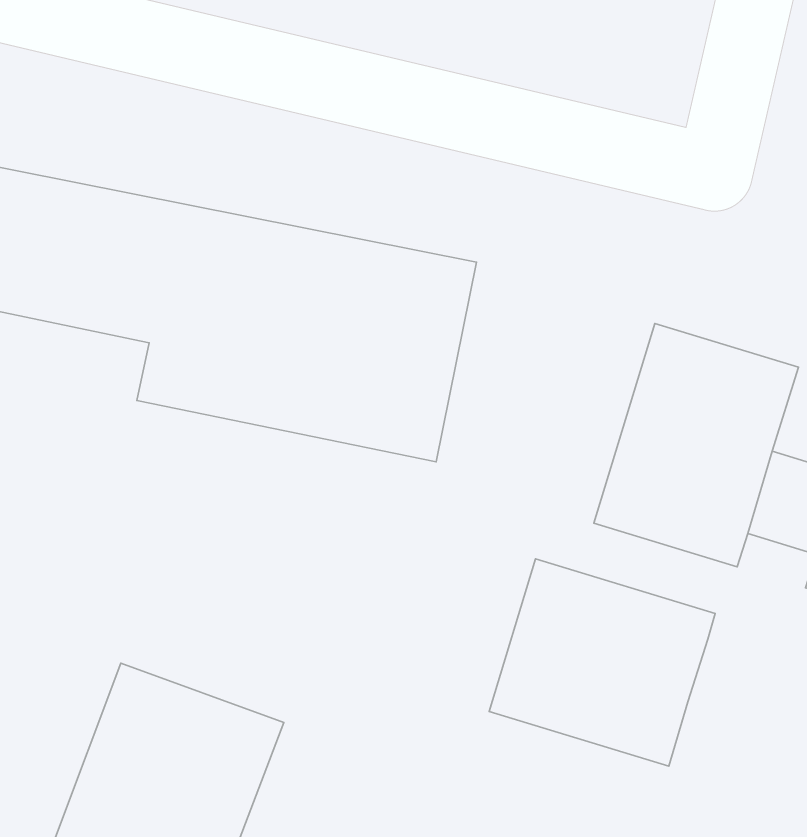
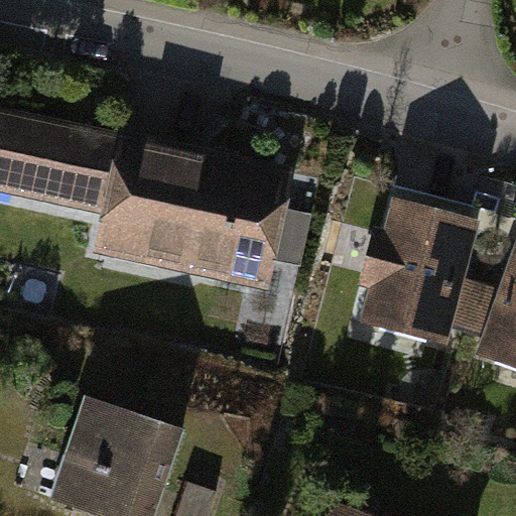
building: [489,559,715,766] -> none

